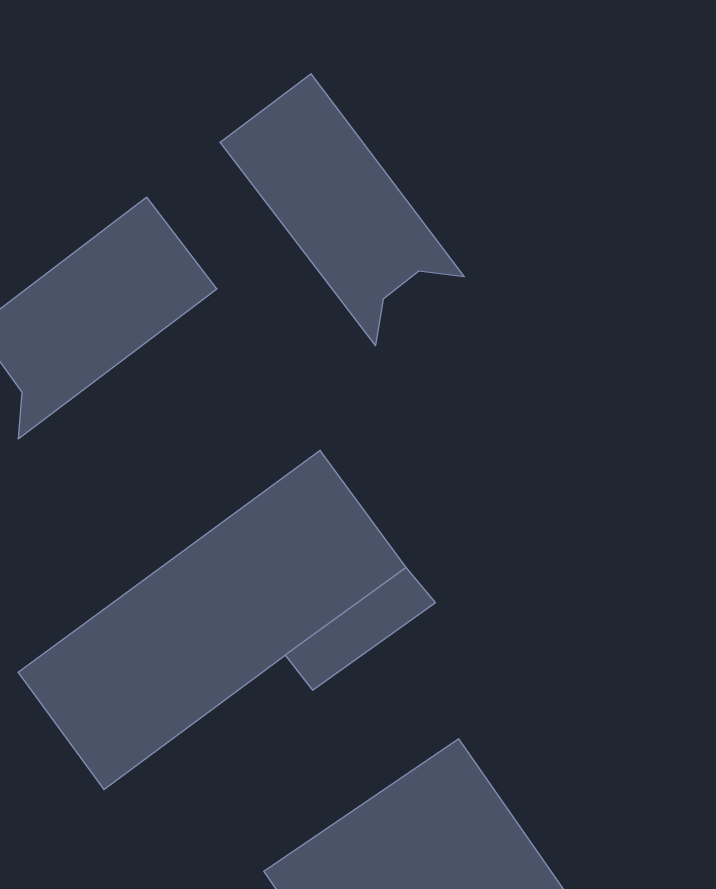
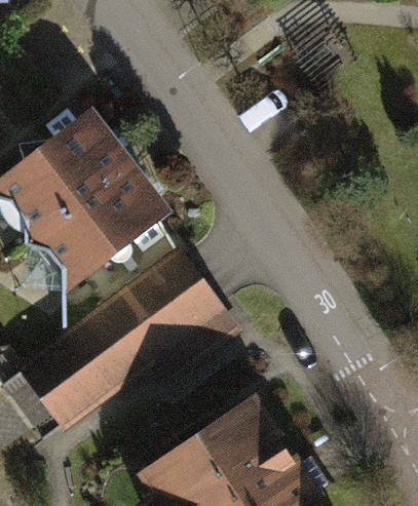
building: [220,74,464,346] -> none
building: none -> [18,162,160,289]

